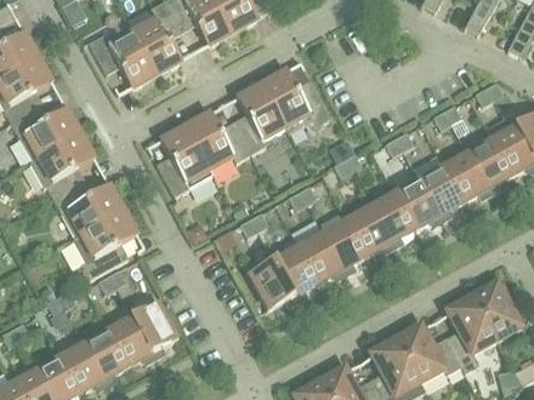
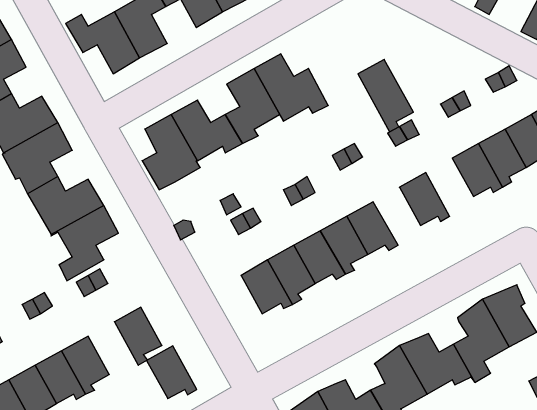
building: [411,152,462,218] -> [358,59,413,132]
building: [370,192,414,245] -> none
building: [108,315,154,364] -> [147,346,197,399]

